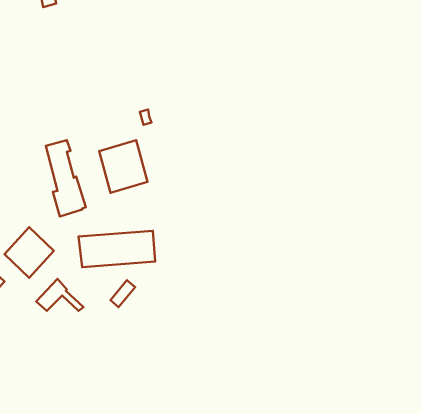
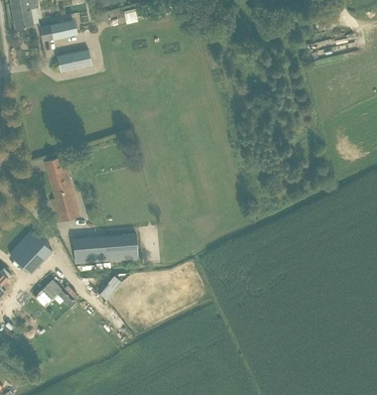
building: none -> [56,50,91,73]
building: [99,140,147,193] -> none

